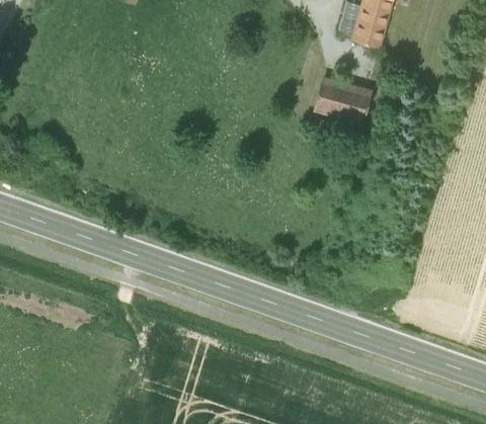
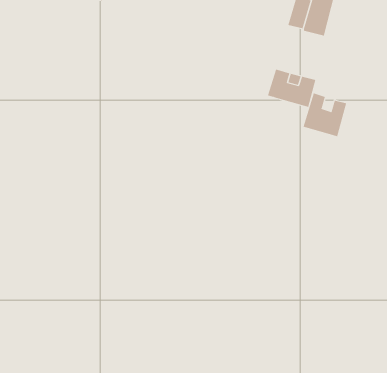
building: none -> [303,92,347,137]

